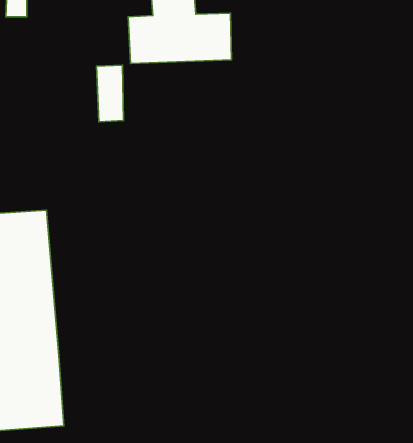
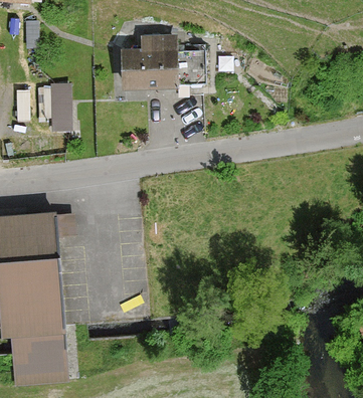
building: [97,65,124,122] -> [45,89,67,136]

